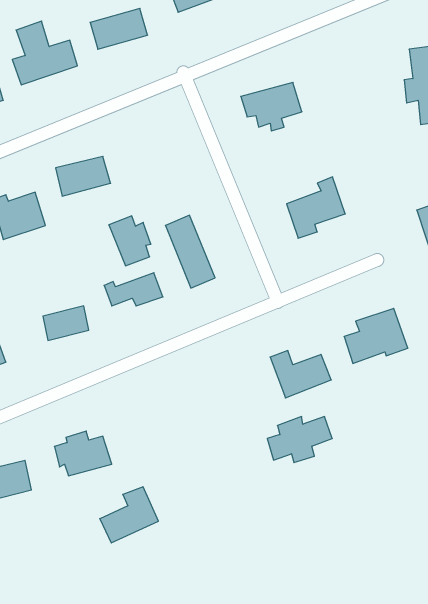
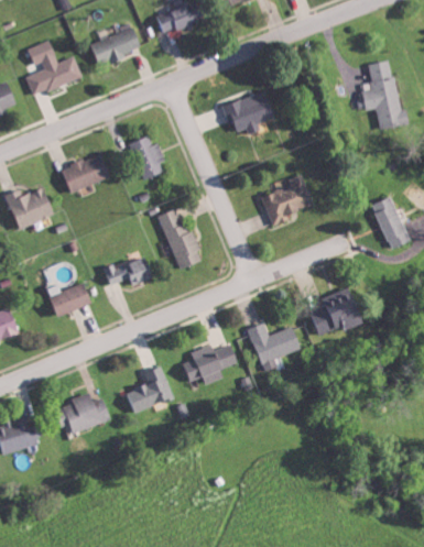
building: [109,216,151,266] -> [128,136,164,179]
building: [267,417,332,463] -> [181,344,237,384]
building: [100,487,158,543] -> [122,367,173,415]

